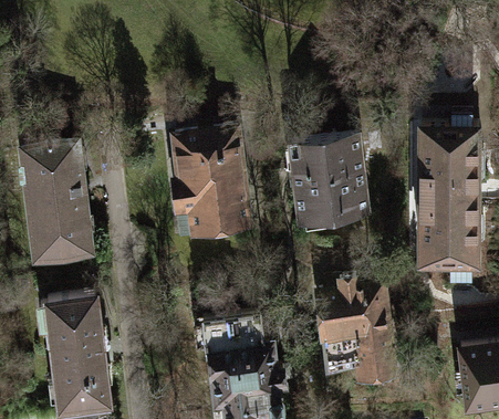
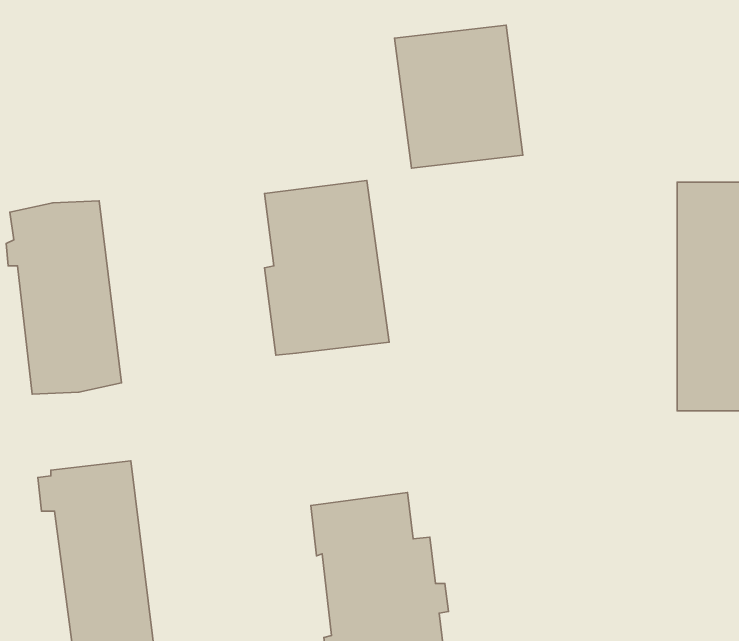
building: [291,139,367,224] -> [395,25,523,168]
building: [319,279,393,377] -> none

